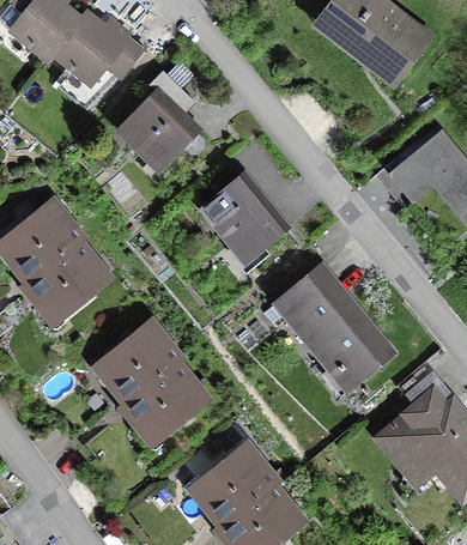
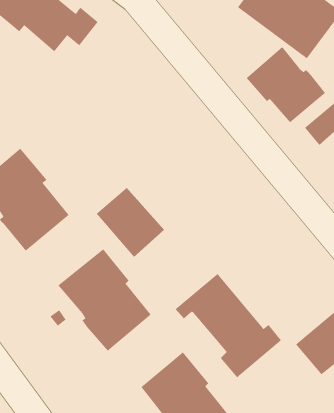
building: [114,71,204,178] -> none
building: none -> [246,46,326,123]
building: [205,175,287,260] -> [96,187,165,258]
building: [265,267,393,393] -> [175,273,282,378]

